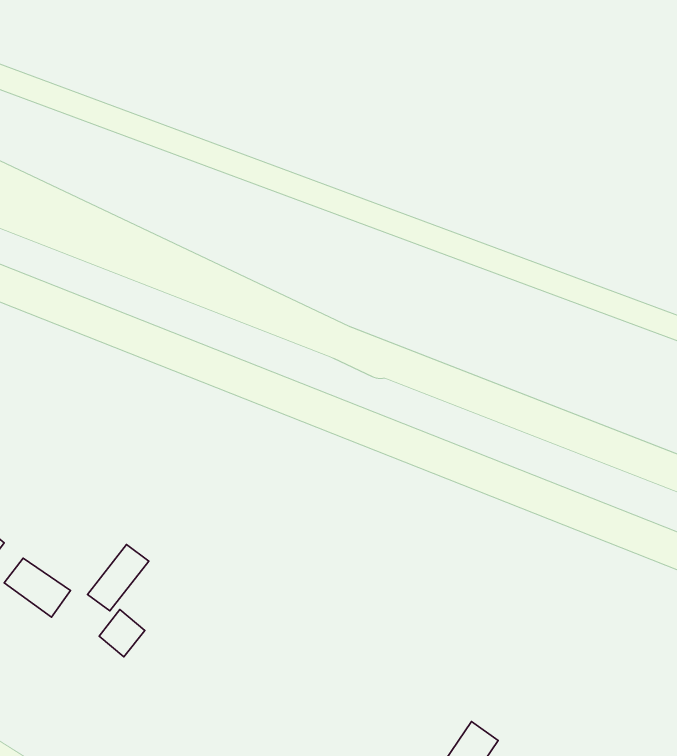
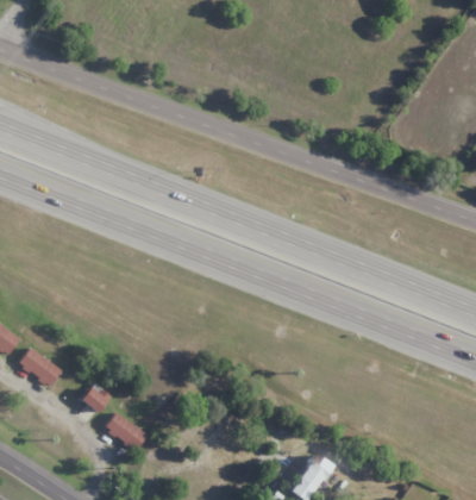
building: [87,544,149,611] -> none
building: none -> [108,414,149,451]

